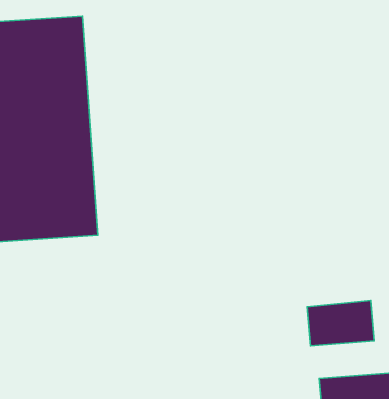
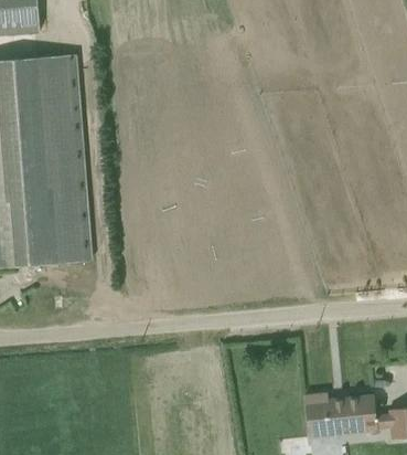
building: [307,301,374,346] -> none

